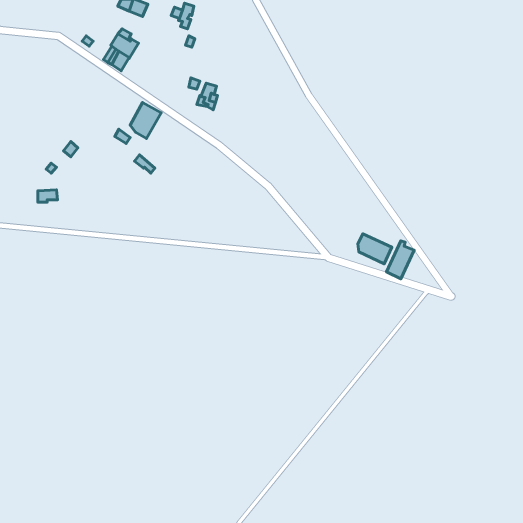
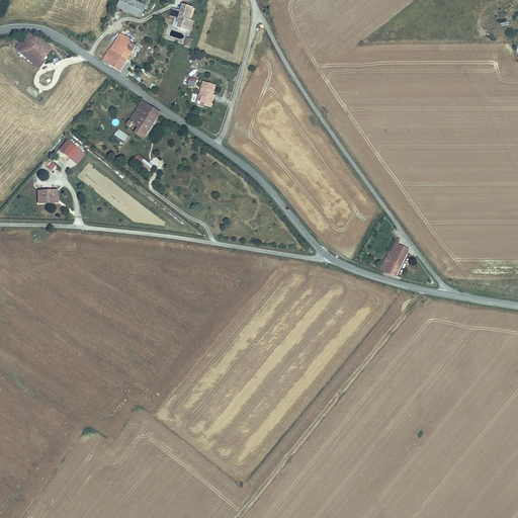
building: none -> [16,32,54,69]
building: [358,234,392,264] -> none

